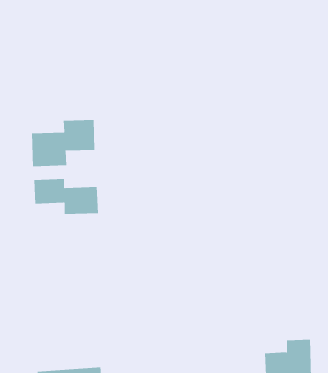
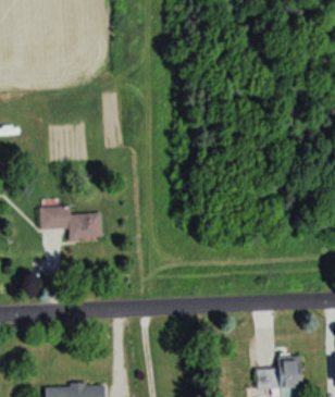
building: [32,119,95,167] -> none

